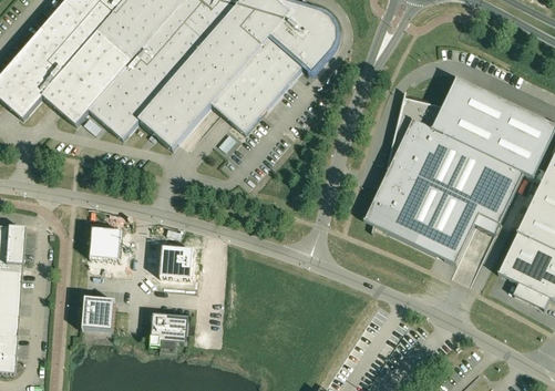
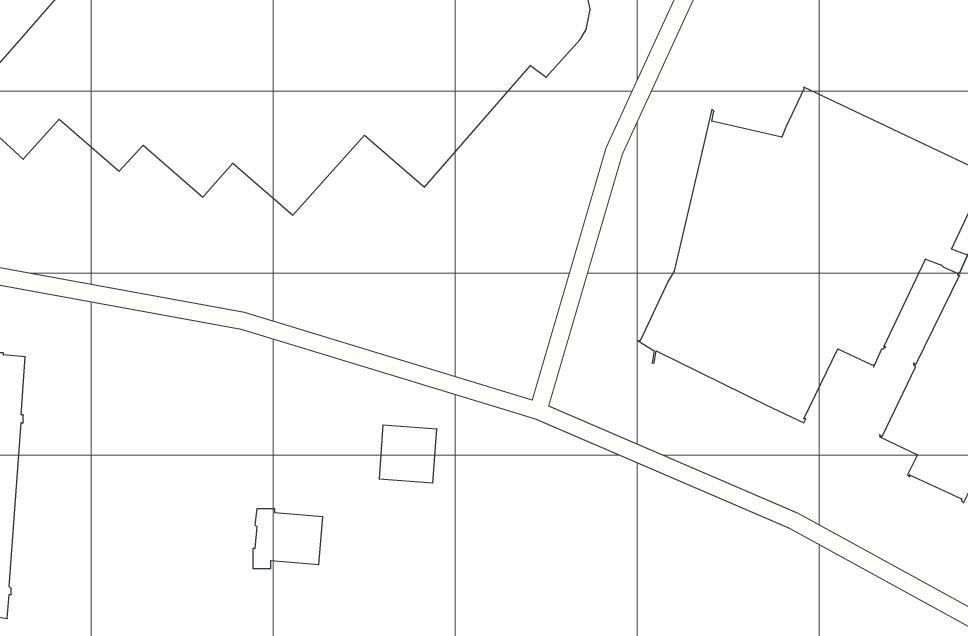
building: [90,227,122,260] -> none
building: [161,246,193,278] -> [379,425,437,483]
building: [82,297,115,329] -> none

